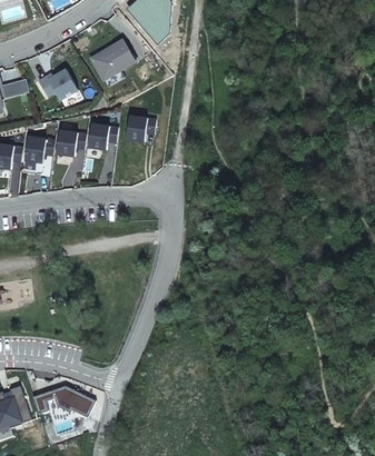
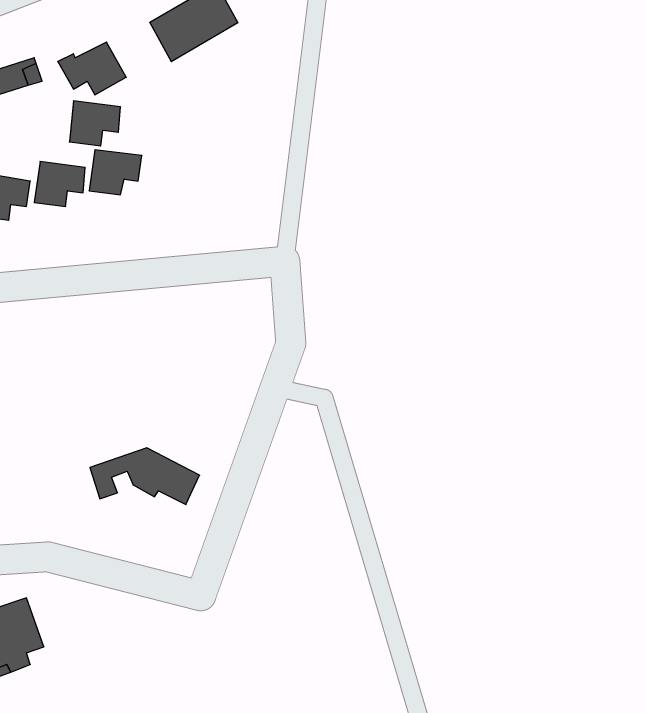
building: [126,115,155,140] -> none
building: [88,123,117,149] -> [69,101,120,146]
building: [33,385,96,417] -> [90,448,200,505]

